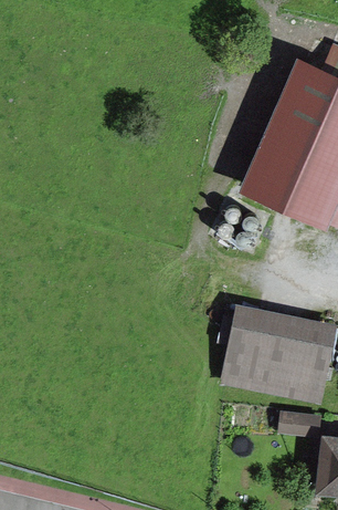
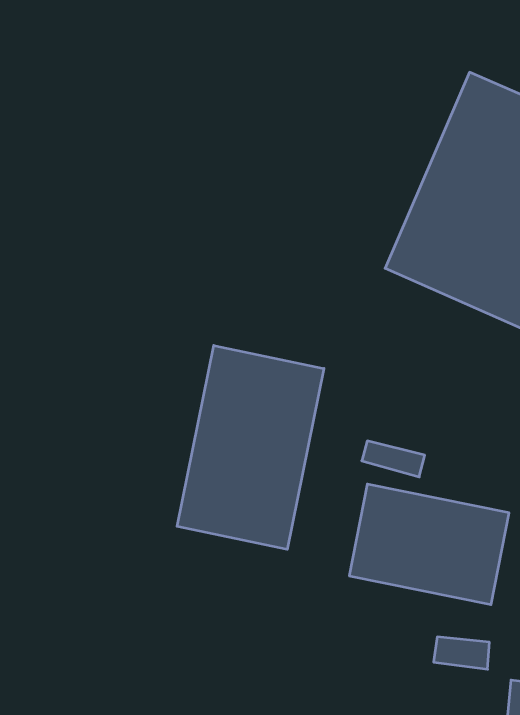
building: none -> [177,345,324,549]

